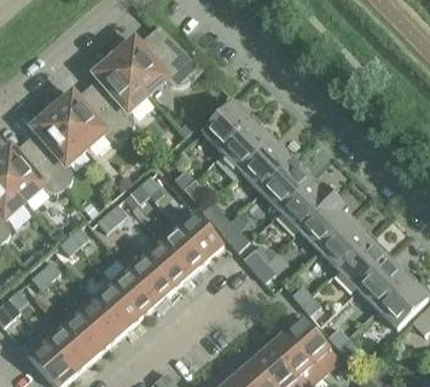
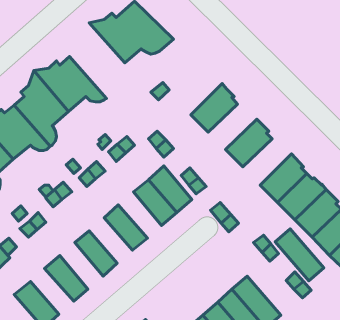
building: [86,51,147,135] -> none
building: [201,100,256,153] -> none
building: [240,141,295,192] -> none
building: [279,180,333,231] -> none
building: [140,239,188,291] -> none
building: [108,268,156,318] -> none
building: [75,295,123,347] -> none
building: [284,318,338,376] -> [275,229,324,281]
building: [42,324,91,375] -> none

